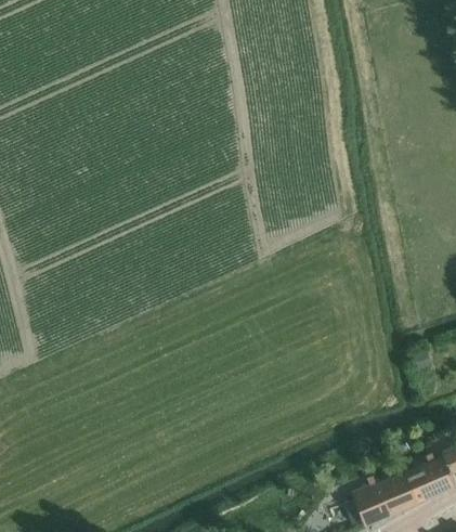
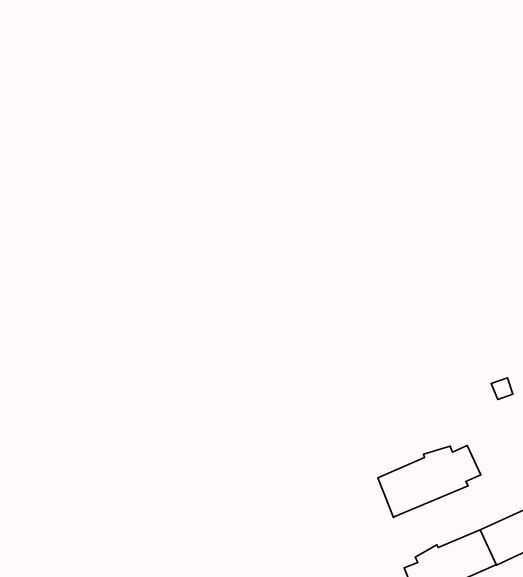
building: none -> [378,446,481,518]

